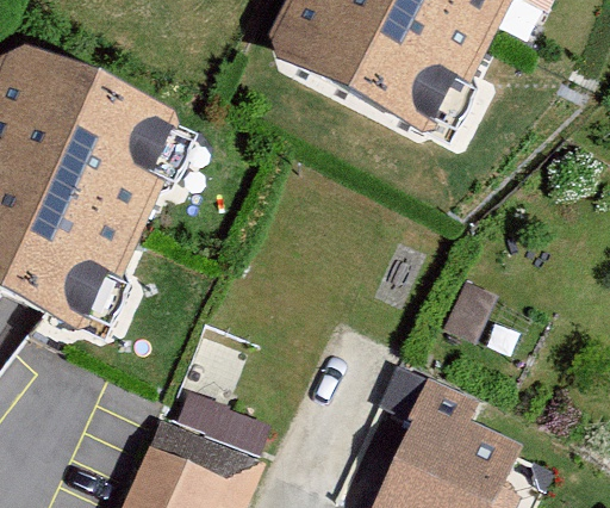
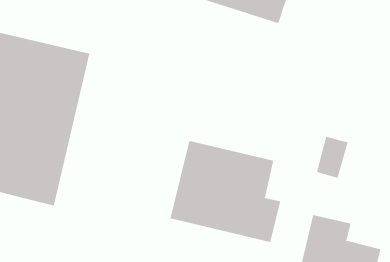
building: none -> [170,140,281,243]

